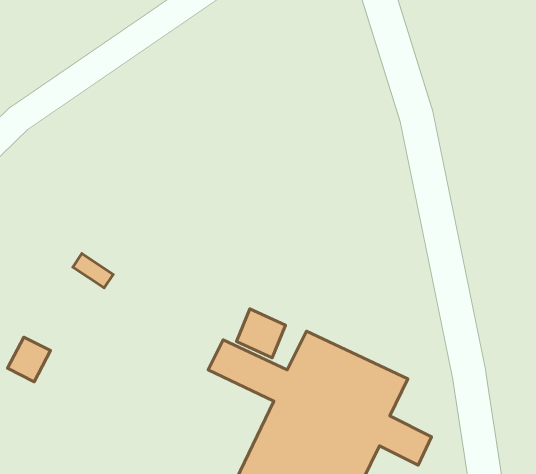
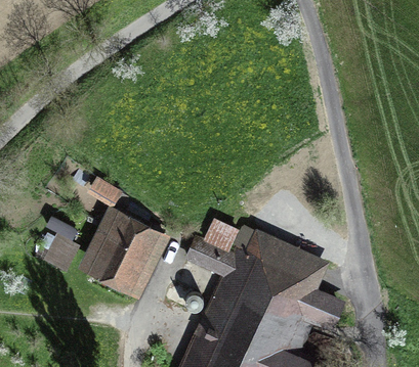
building: none -> [88,215,154,285]

